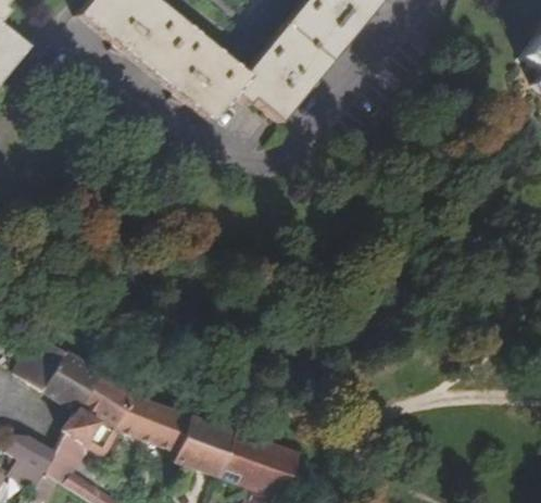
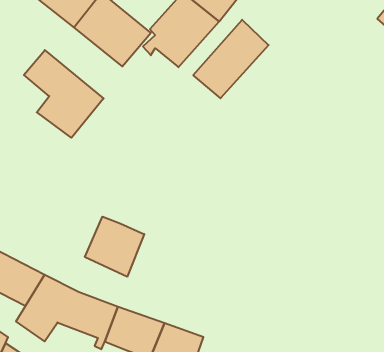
building: none -> [193,20,269,98]
building: none -> [24,50,104,138]
building: none -> [85,217,144,277]

